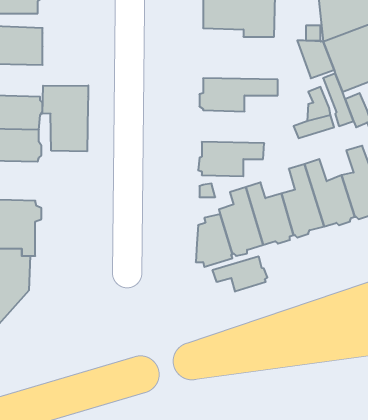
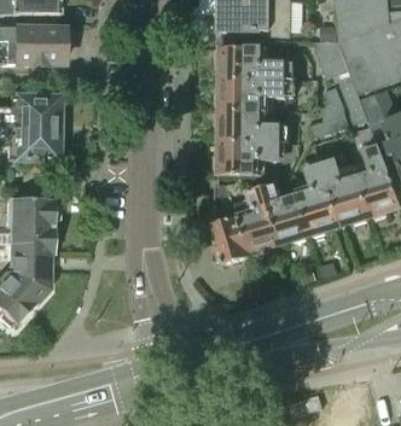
building: none -> [219,46,296,80]
building: [43,85,88,151] -> none
building: none -> [217,110,281,142]
building: [213,256,267,292] -> none

